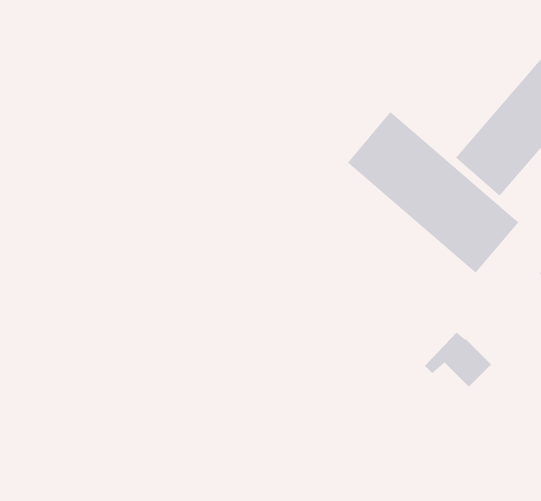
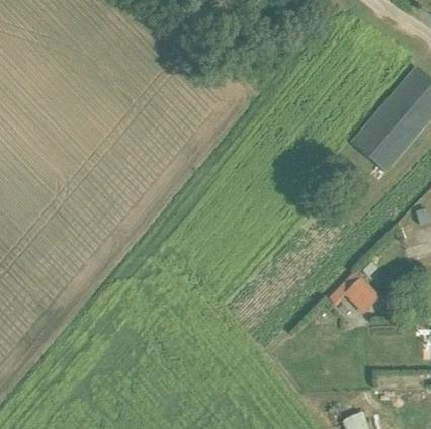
building: [347,111,519,274] -> none

